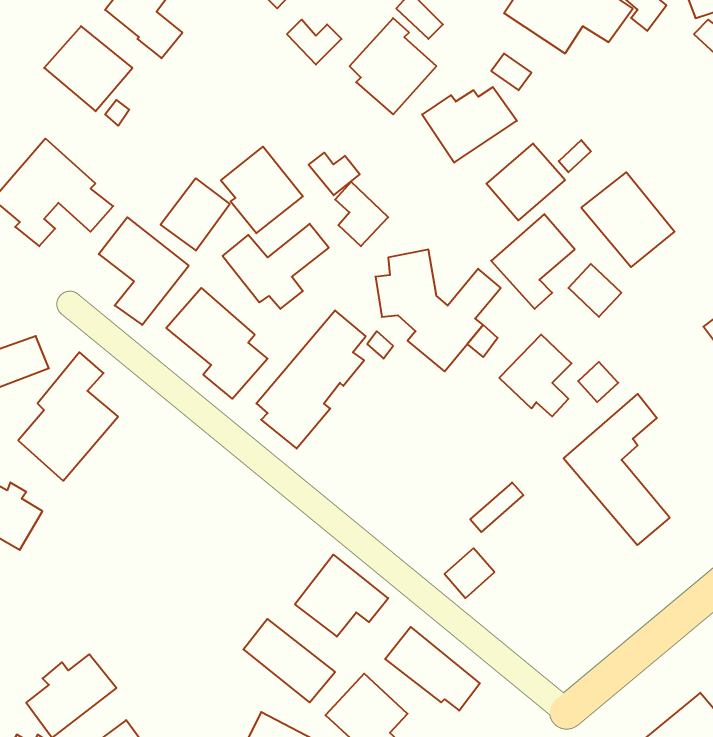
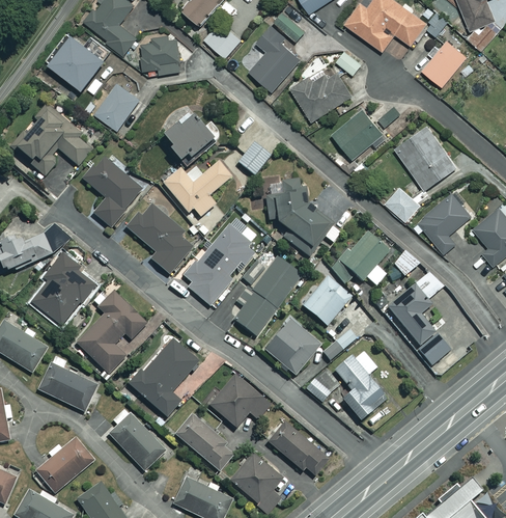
building: none -> [143,34,181,75]
building: none -> [422,40,467,86]
building: [309,153,360,195] -> none
building: [161,178,230,251] -> [94,83,139,130]
building: [491,214,575,309] -> [417,192,471,253]
building: none -> [230,257,302,335]
building: none -> [302,276,350,325]
building: none -> [78,285,146,373]
building: none -> [264,319,320,375]
building: none -> [129,338,198,417]
building: none -> [334,348,386,419]
building: none -> [39,356,96,412]
building: none -> [109,408,166,471]

